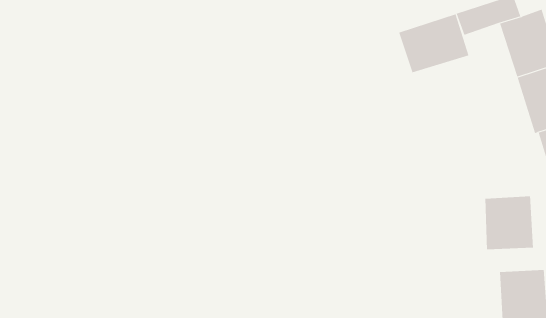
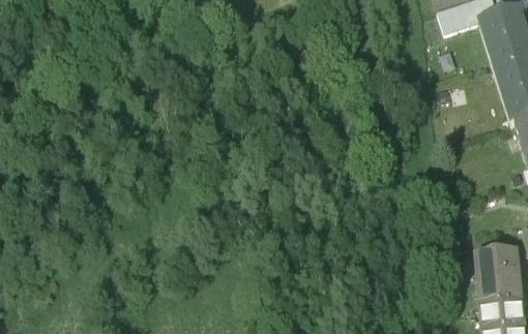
building: [399,13,469,73] -> none
building: [485,196,533,250] -> none

